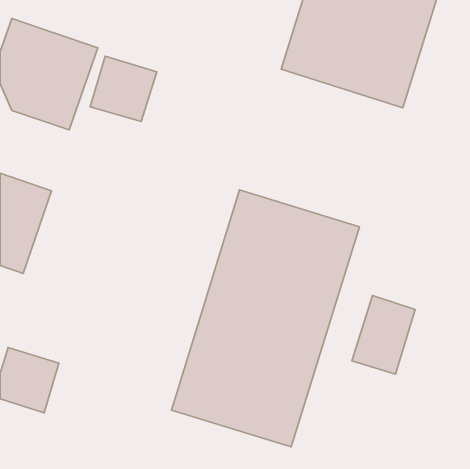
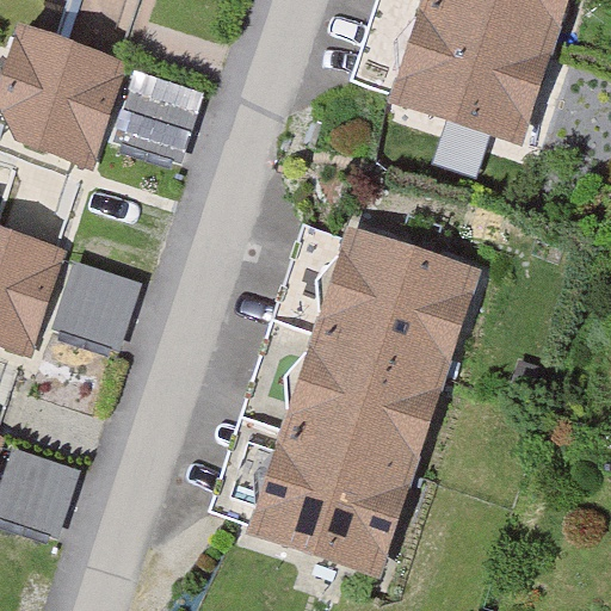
building: none -> [56,260,142,345]
building: [352,296,415,374] -> none

